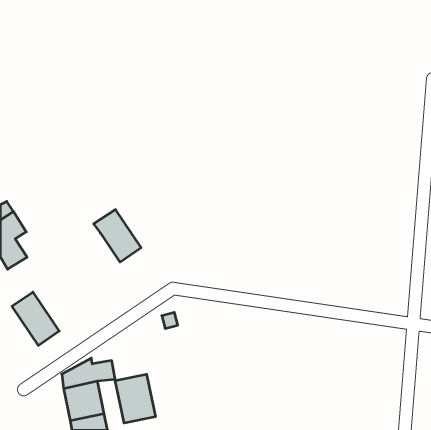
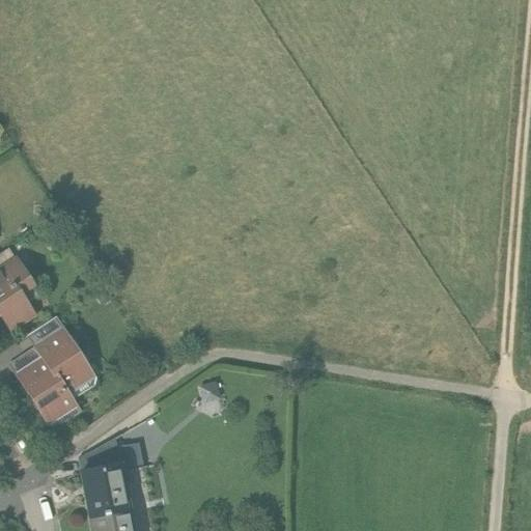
building: [94,210,141,262] -> [34,329,92,393]
building: [115,374,155,423] -> none

